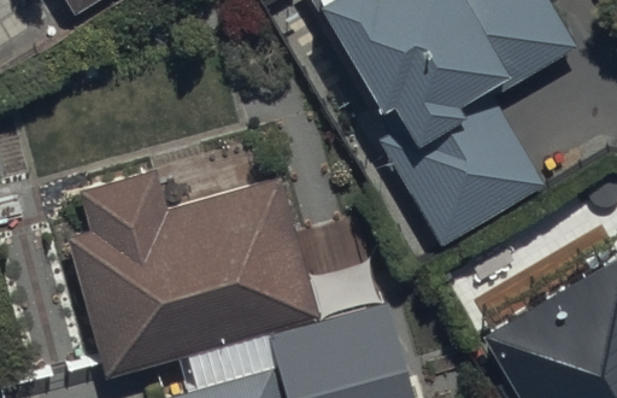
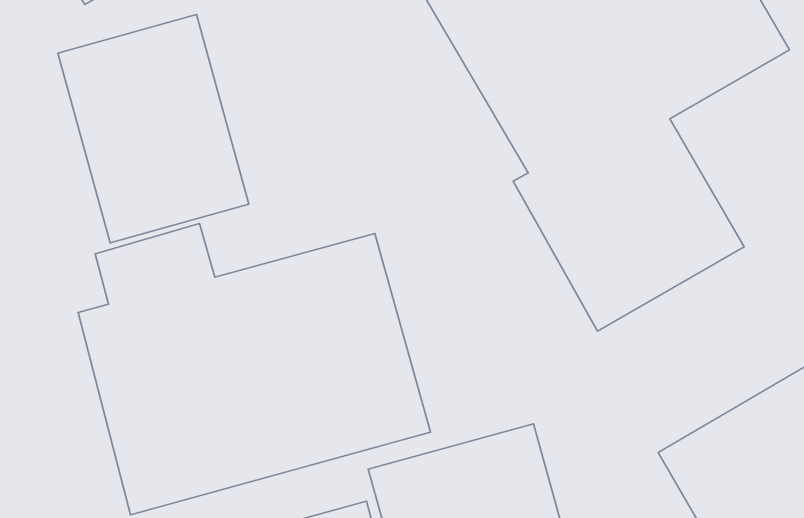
building: none -> [58,14,249,243]

